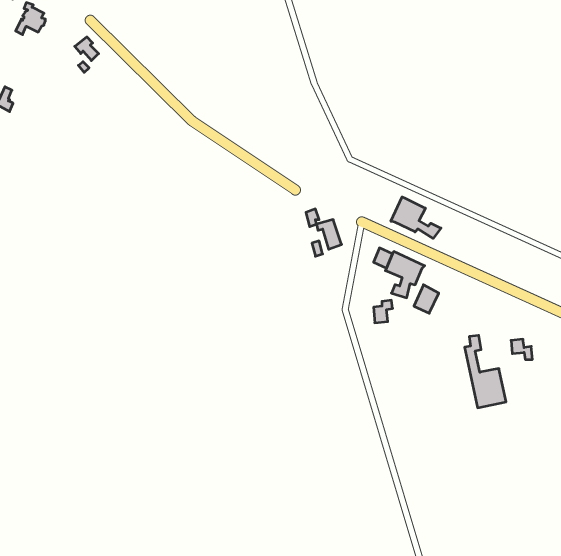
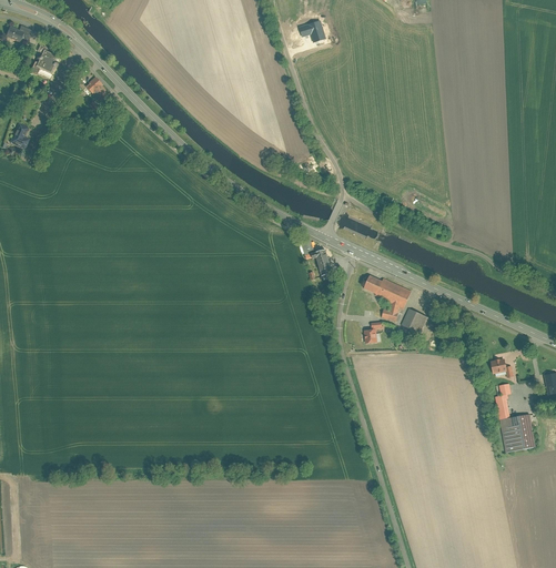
building: [391,197,441,238] -> none
building: [465,335,506,408] -> [495,384,534,452]

